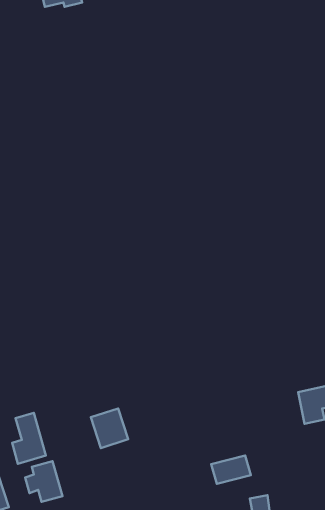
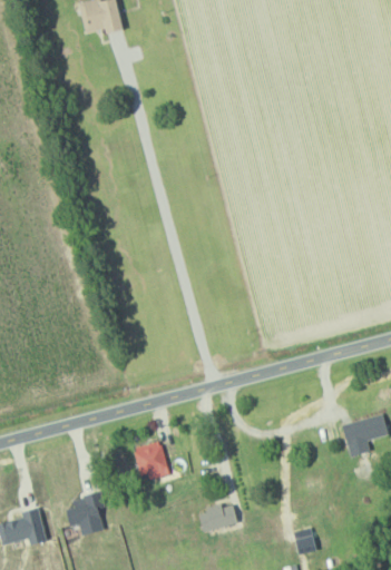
building: [12,413,46,464] -> none
building: [211,455,251,484] -> [198,502,238,531]

